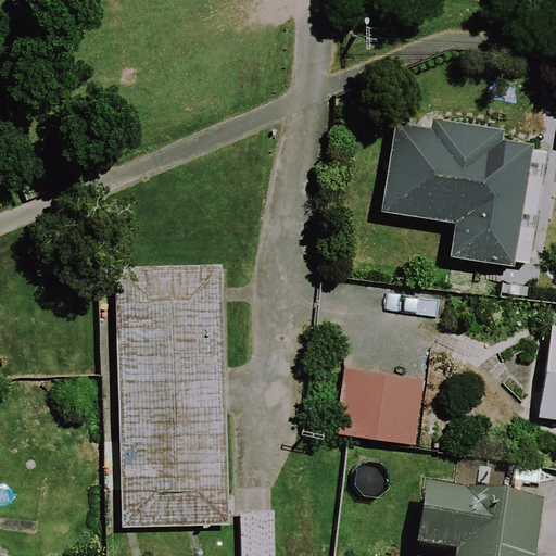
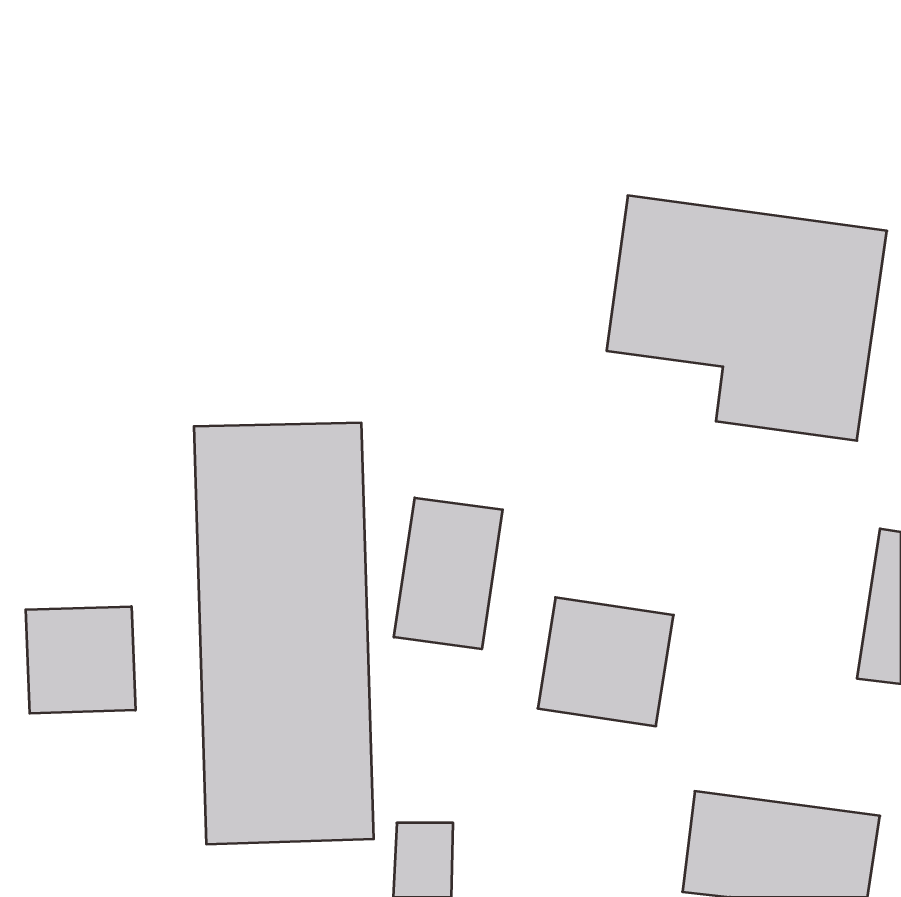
building: none -> [394,498,503,649]
building: none -> [26,606,135,713]

